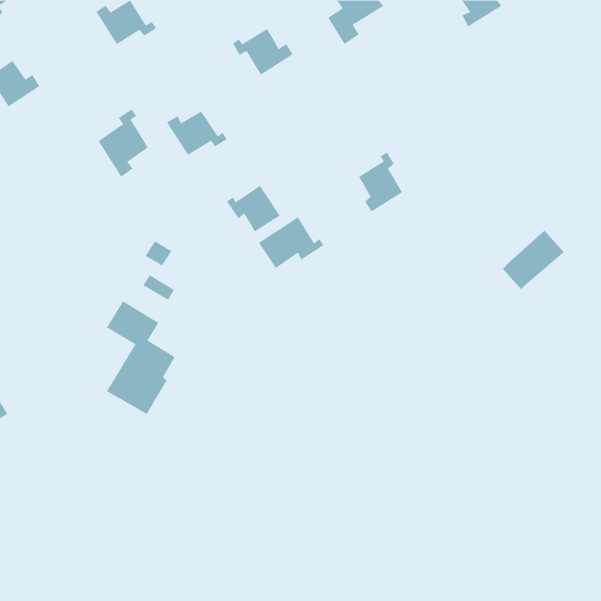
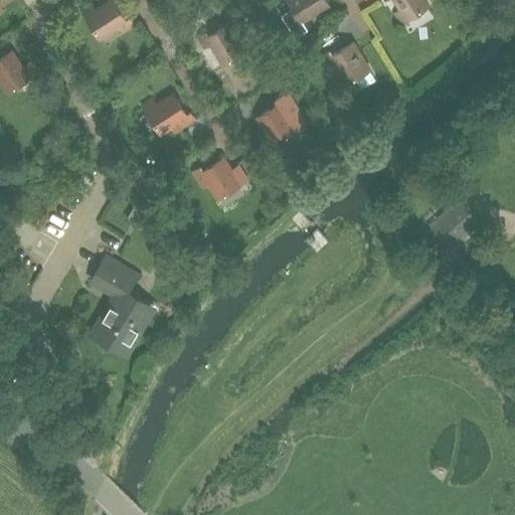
building: none -> [322,44,368,84]
building: [98,109,149,177] -> none
building: [358,152,403,212] -> [256,98,295,149]
building: [258,217,324,269] -> none

